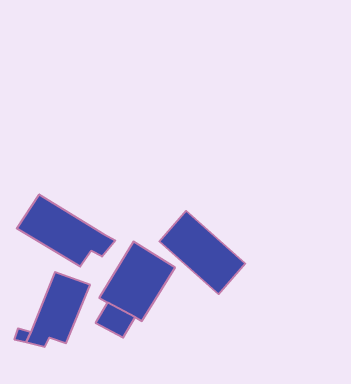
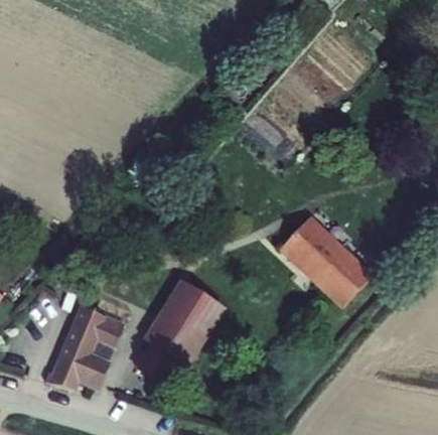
building: [17,194,115,267] -> none
building: [159,211,245,294] -> [290,225,384,315]

